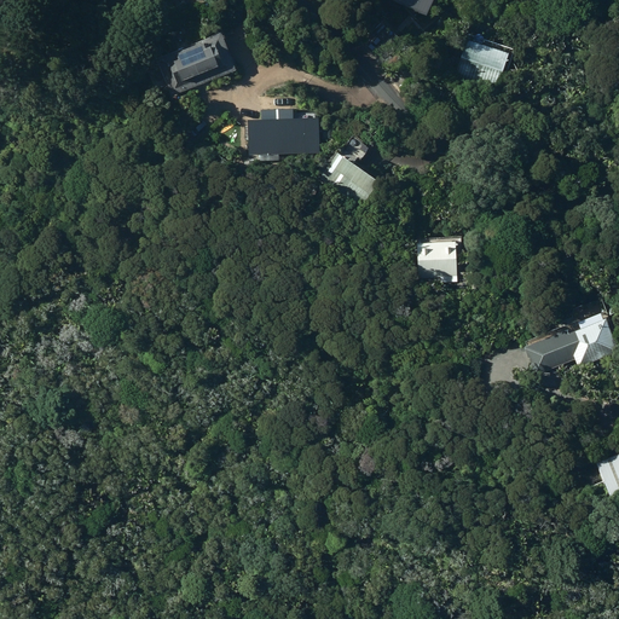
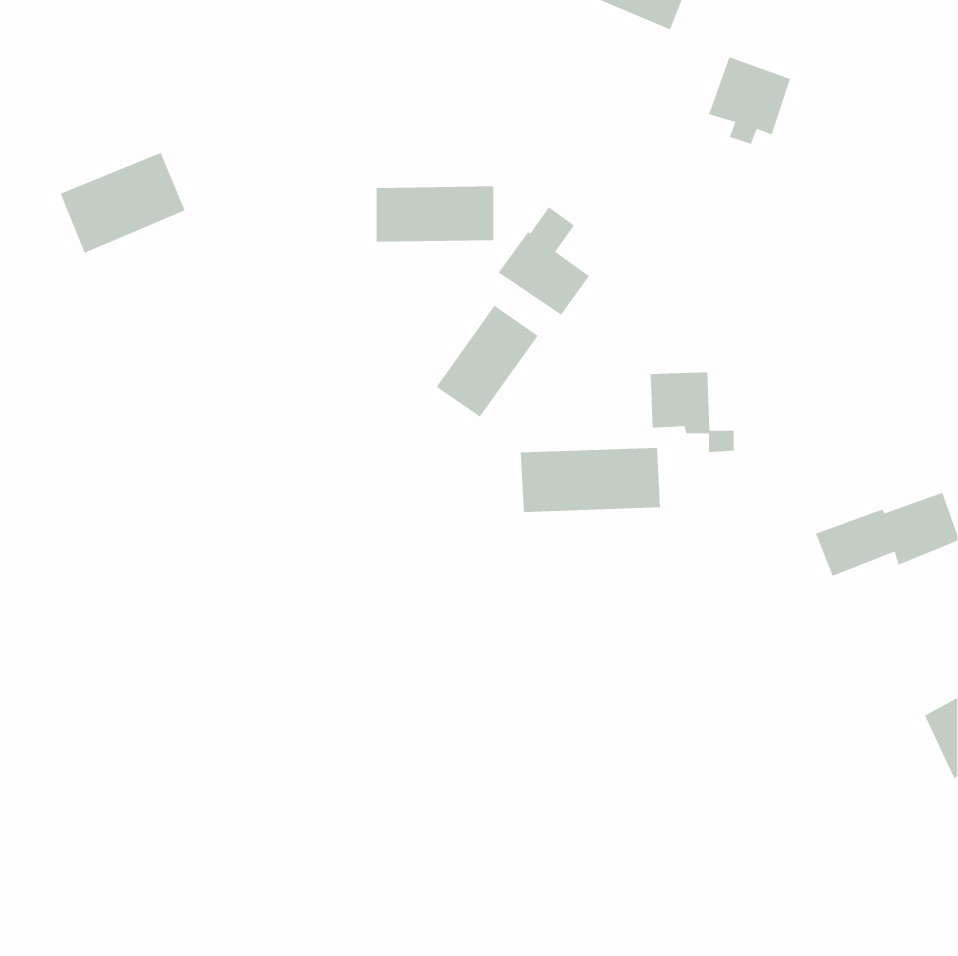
building: [156,29,237,94] -> [60,152,186,254]
building: none -> [436,305,539,418]
building: none -> [520,447,660,513]

